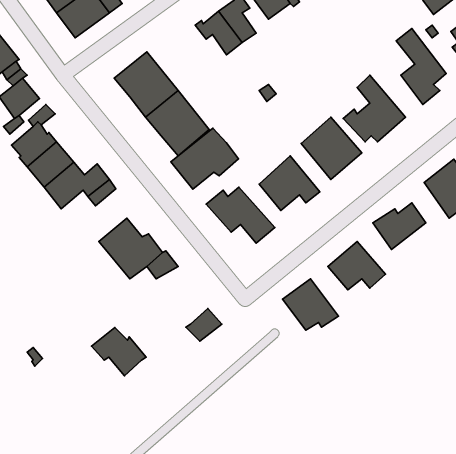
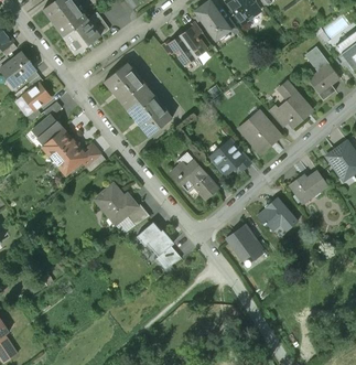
building: [171,128,239,189] -> none
building: [92,328,146,376] -> [136,223,174,257]

